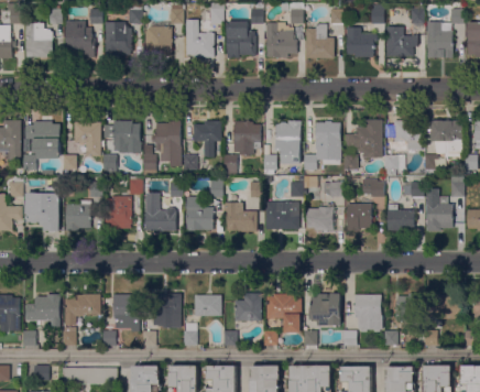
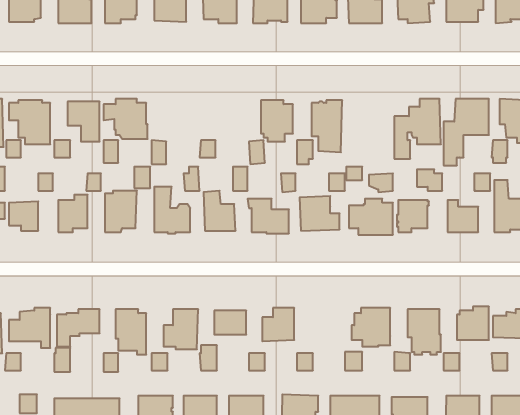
building: [151,120,181,166] -> none
building: [193,121,221,157] -> none
building: [304,121,340,174] -> none
building: [266,293,301,334] -> none

